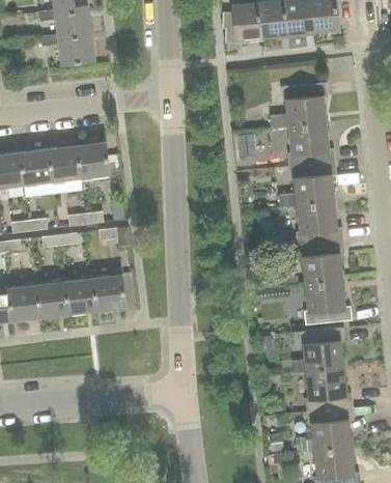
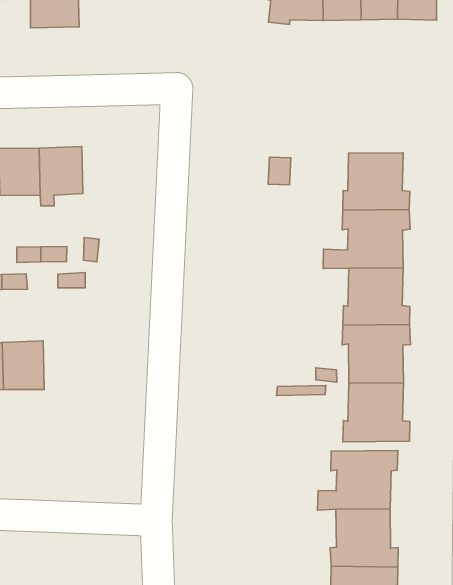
building: [269,83,328,130] -> none
building: [92,275,125,311] -> none

